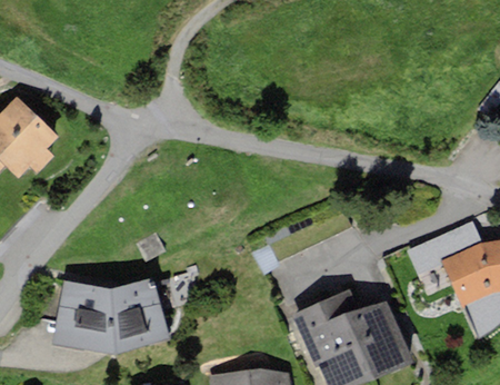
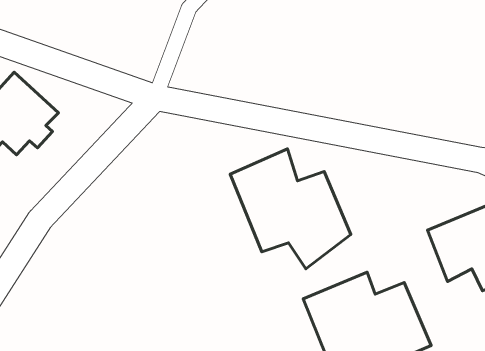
building: none -> [230,149,351,269]
building: [51,278,169,352] -> none

